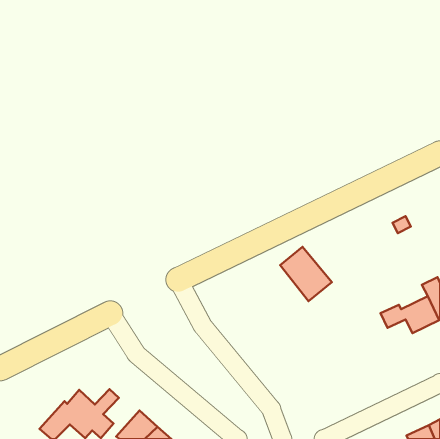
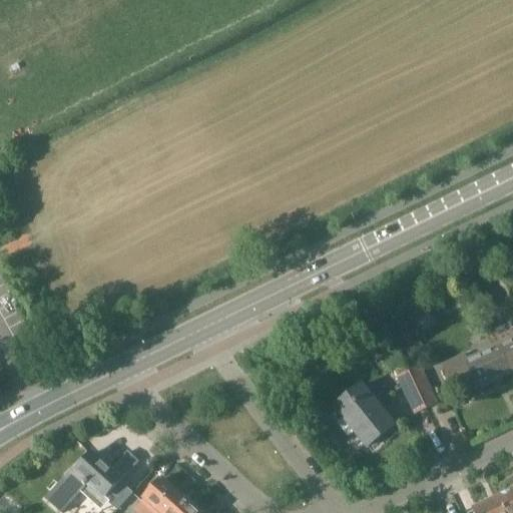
building: [280,247,332,301] -> [335,385,395,448]
building: none -> [395,367,437,416]

